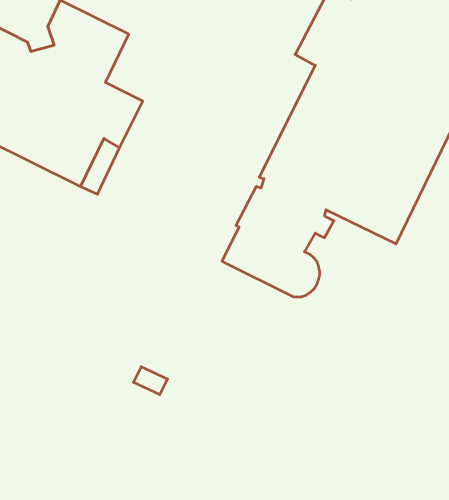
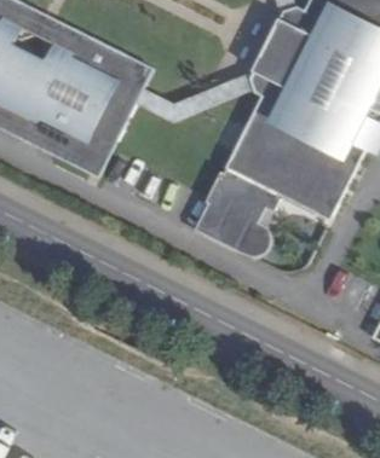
building: none -> [105,53,152,105]

